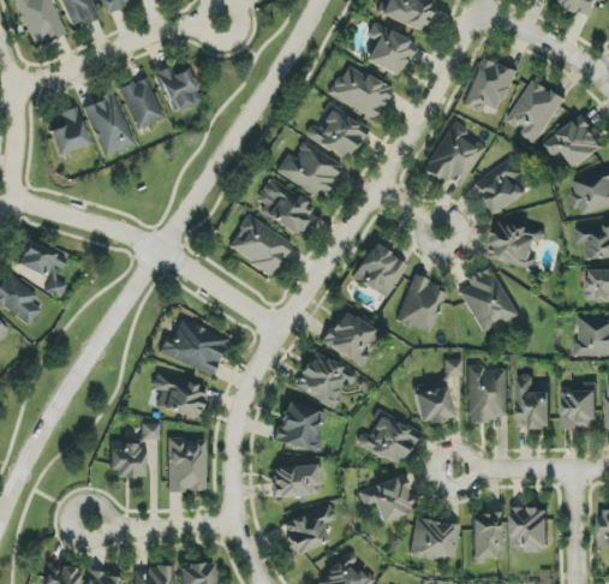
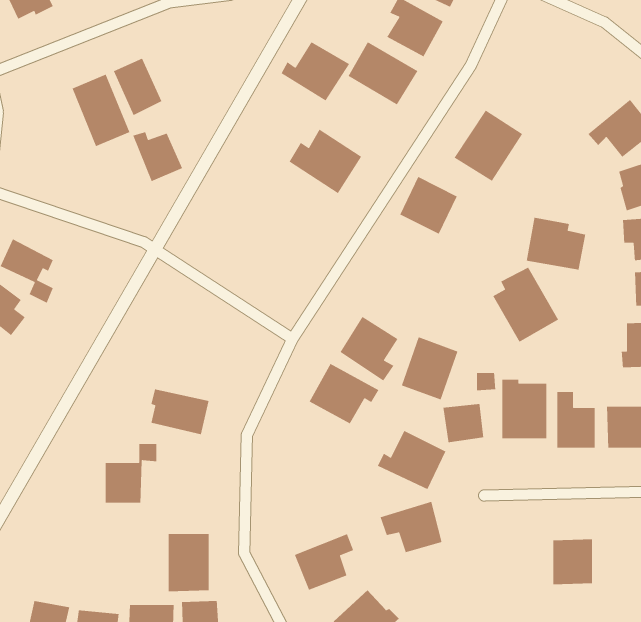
building: [465,56,517,113] -> none
building: [156,67,202,113] -> [132,131,183,182]
building: [506,77,566,142] -> none
building: [49,106,89,155] -> none
building: [305,106,368,160] -> [280,41,350,102]
building: [474,160,524,214] -> none
building: [253,178,315,233] -> none
building: [227,215,292,275] -> none
building: [353,244,406,297] -> [399,176,458,235]
building: [395,275,447,333] -> [401,336,459,401]
building: [159,318,227,375] -> none
building: [275,401,326,452] -> none
building: [168,439,205,491] -> [168,533,209,592]
building: [273,465,322,496] -> none
building: [472,512,504,559] -> none
building: [410,518,459,562] -> none

